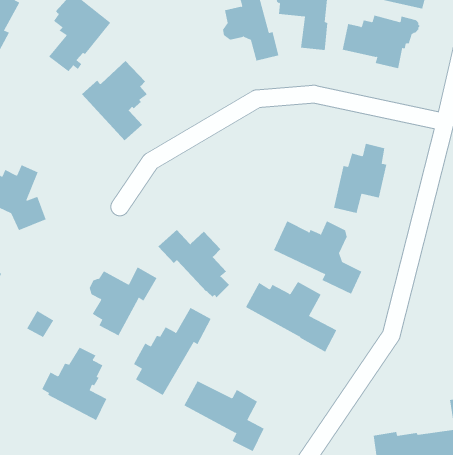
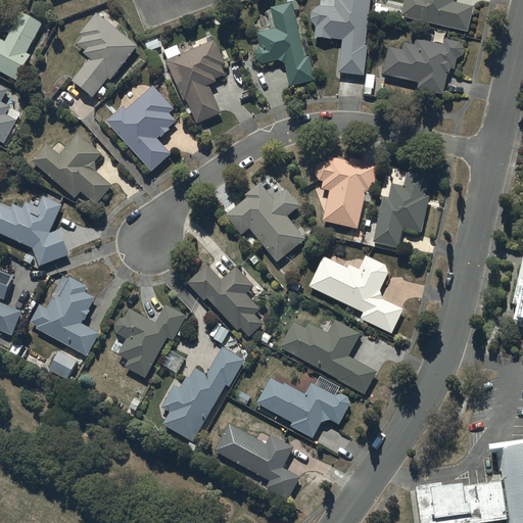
building: none -> [162,31,225,124]
building: none -> [30,133,111,204]
building: none -> [315,155,377,229]
building: none -> [225,183,304,262]
building: none -> [255,375,349,437]
building: [41,347,107,421] -> [29,277,98,355]

